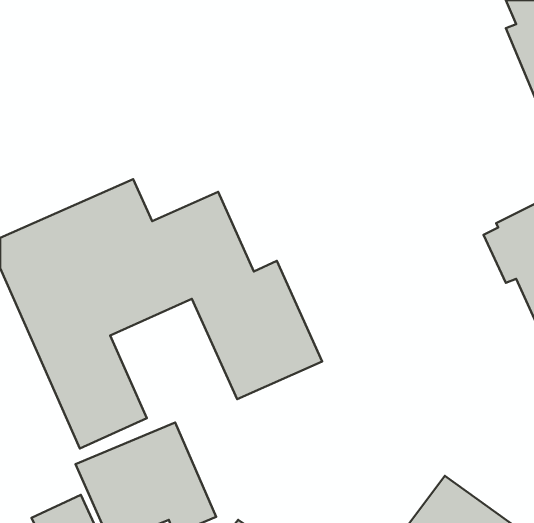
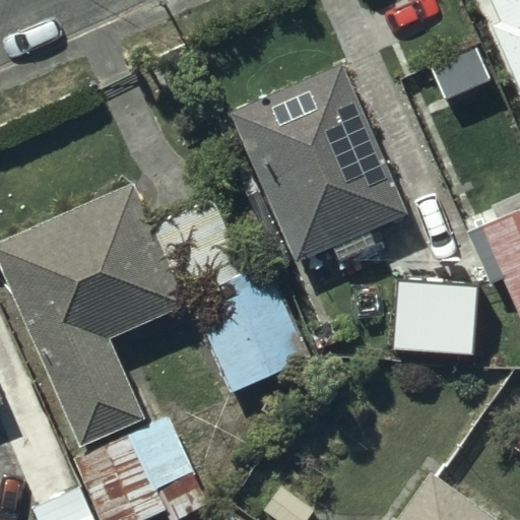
building: none -> [231,67,407,263]
building: none -> [393,277,475,354]

